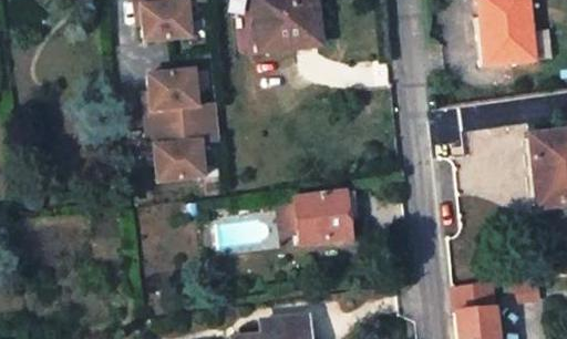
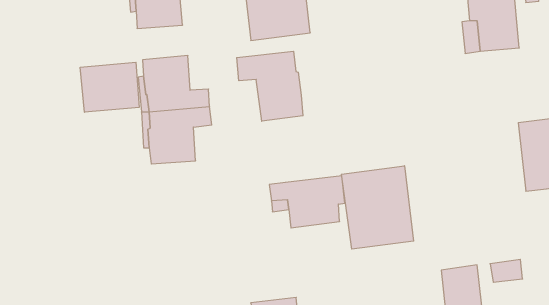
building: none -> [237,51,303,121]
building: none -> [80,62,139,112]
building: none -> [341,166,414,249]

